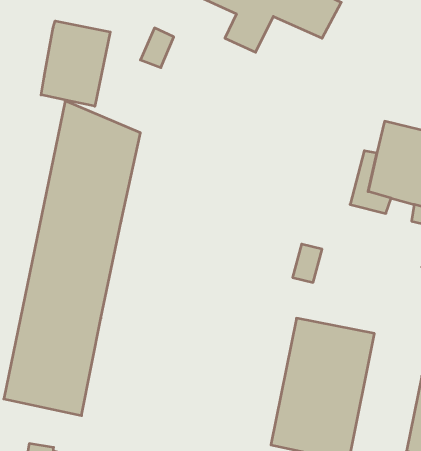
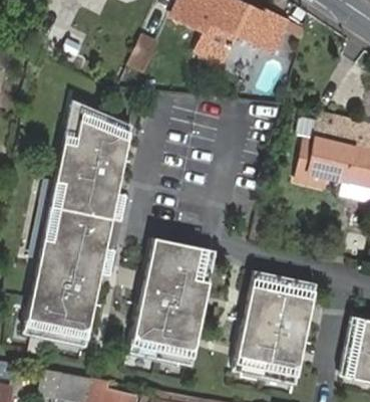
building: [41,21,110,106] -> none
building: none -> [129,239,216,366]

